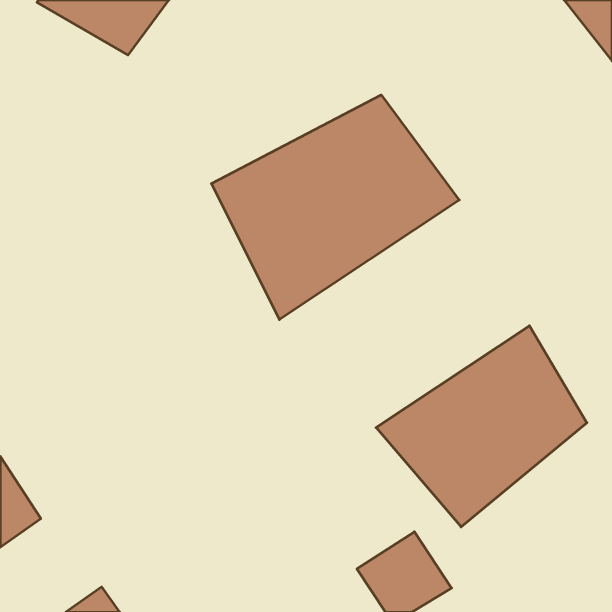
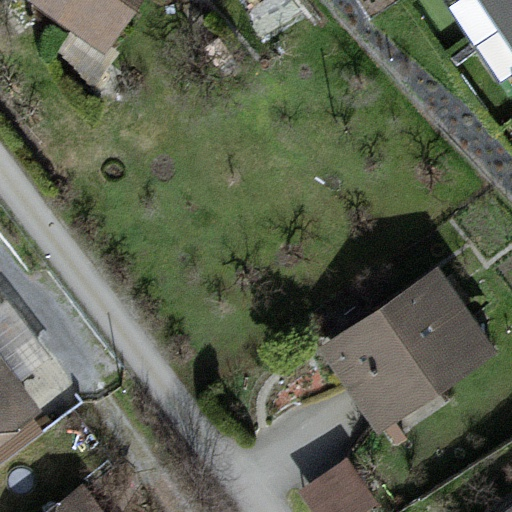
building: [211,95,459,320] -> none

